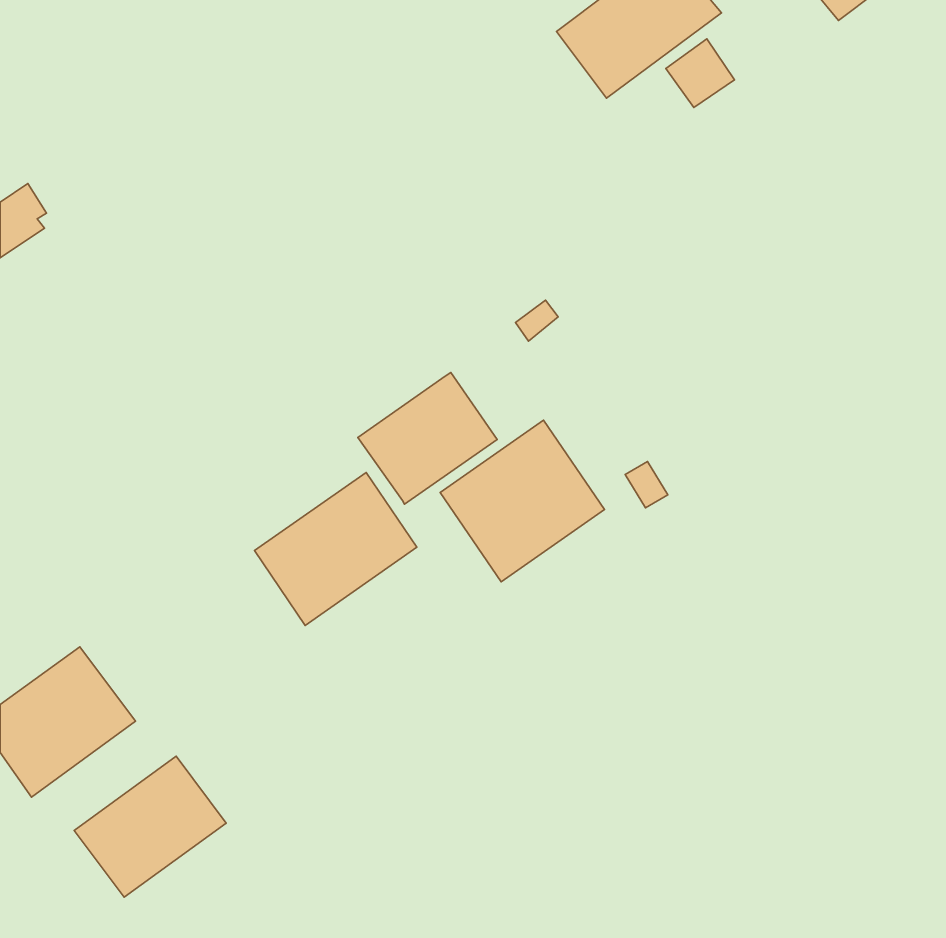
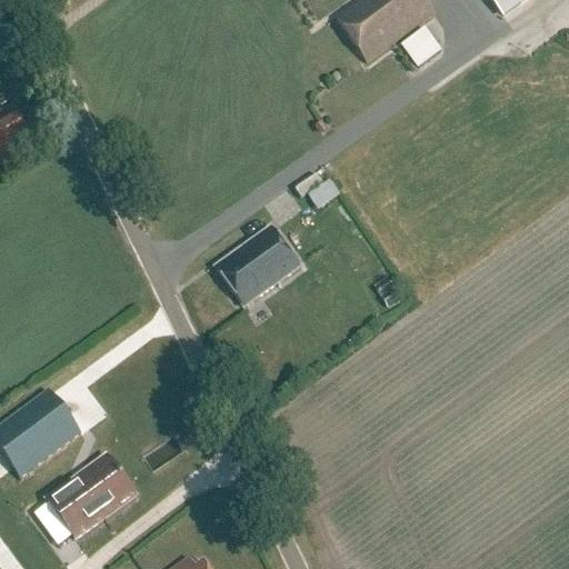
building: [440,420,605,582] -> none
building: [255,473,417,625] -> none

